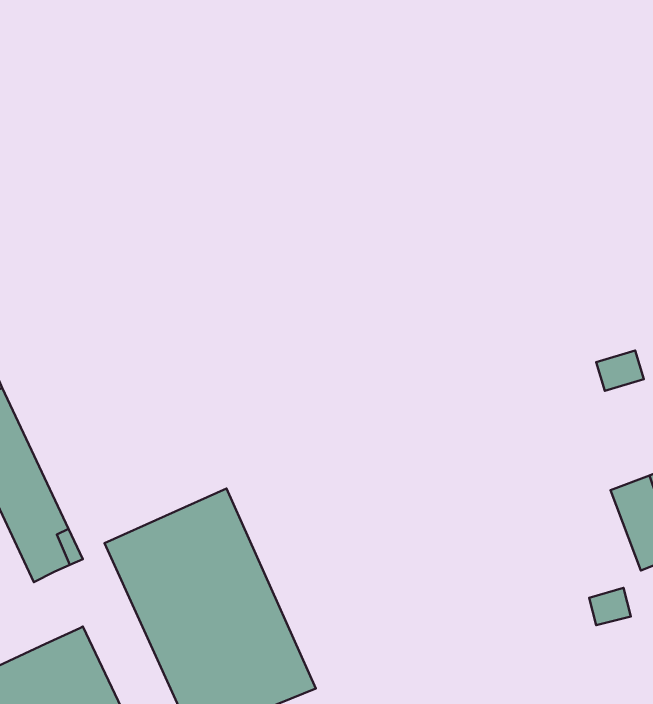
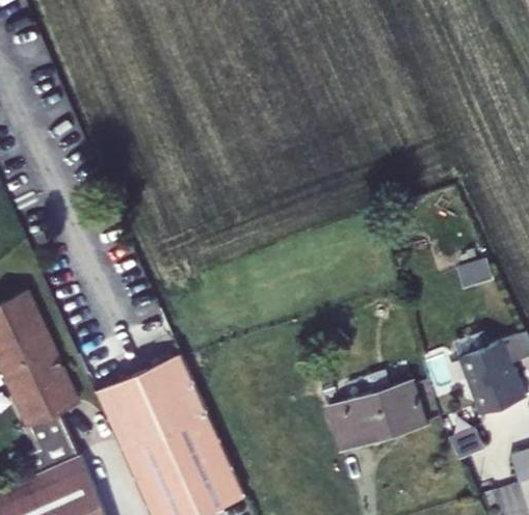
building: none -> [330,382,427,452]
building: none -> [42,415,75,467]

